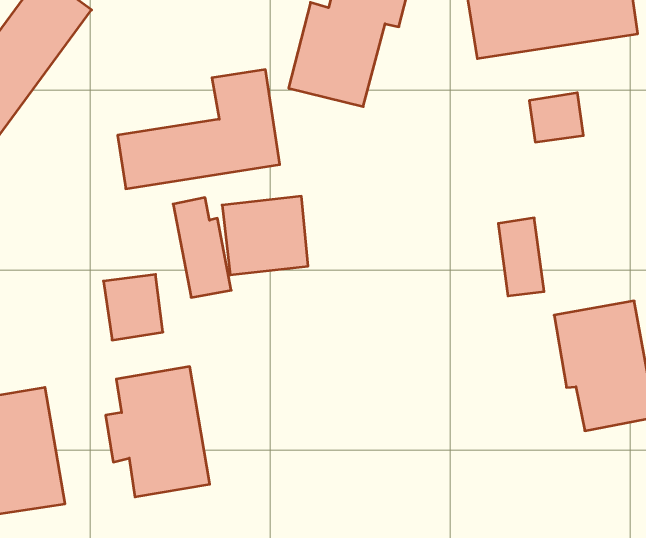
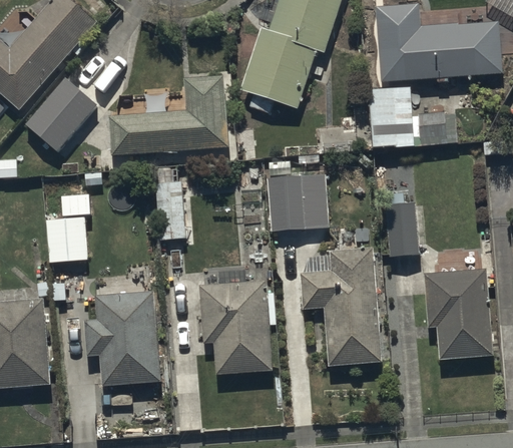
building: none -> [367,85,414,148]
building: none -> [26,78,105,157]
building: [222,196,308,275] -> [267,174,327,229]
building: [103,274,163,340] -> [45,216,86,263]
building: none -> [300,248,380,364]
building: none -> [193,282,270,372]

